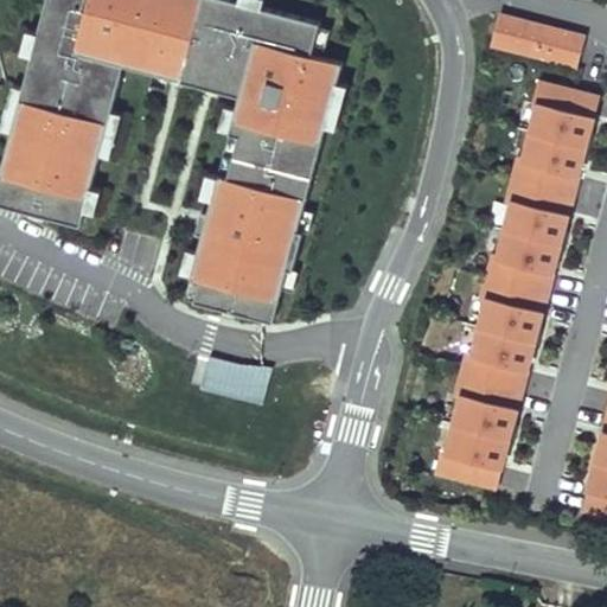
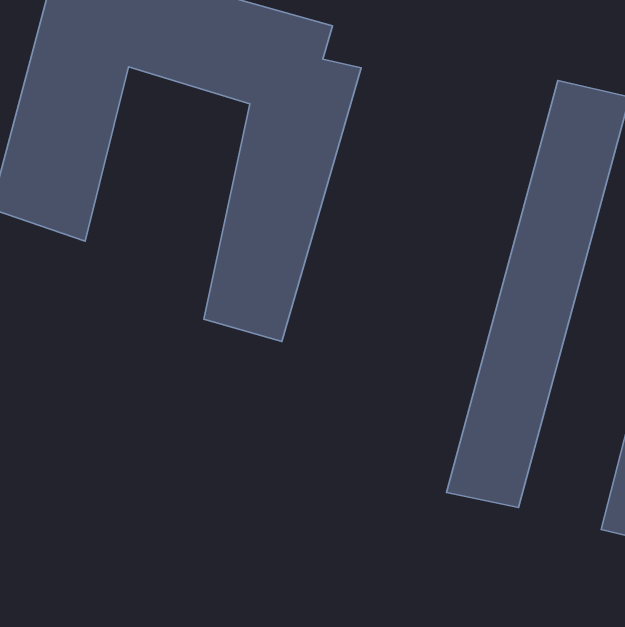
building: [492,11,582,68] -> none
building: [200,354,268,398] -> none

